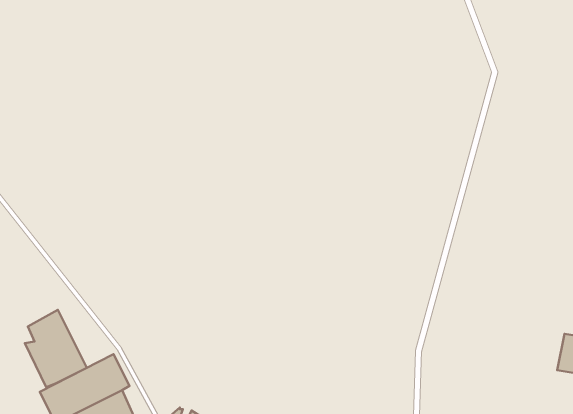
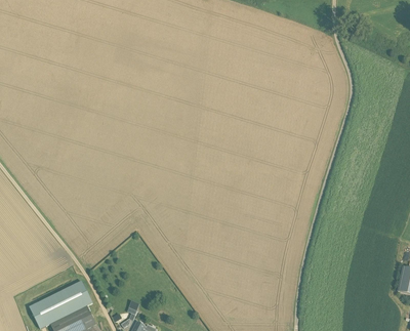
building: [25,310,87,387] -> none

